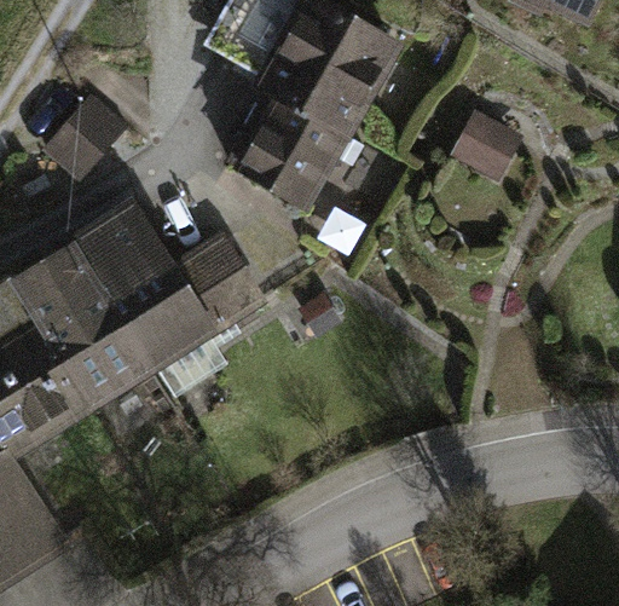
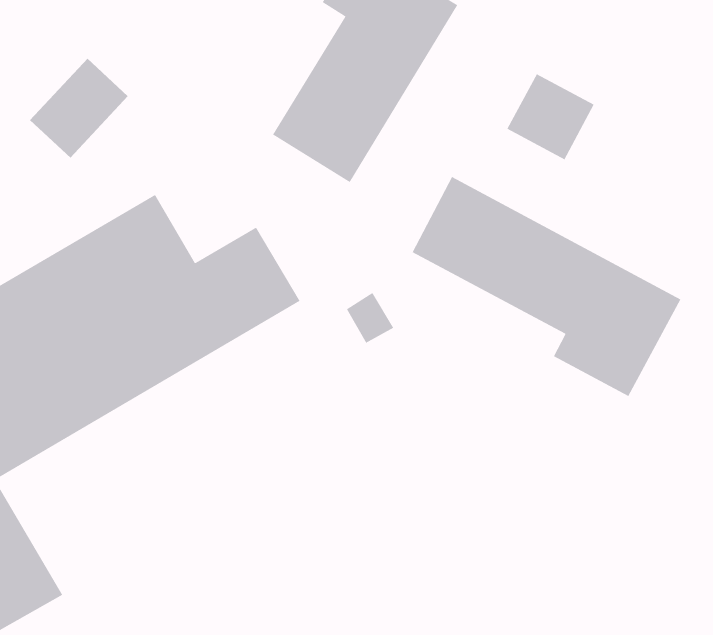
building: none -> [412,176,681,397]

